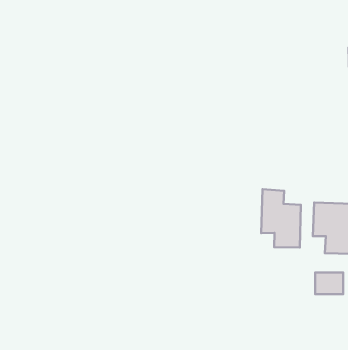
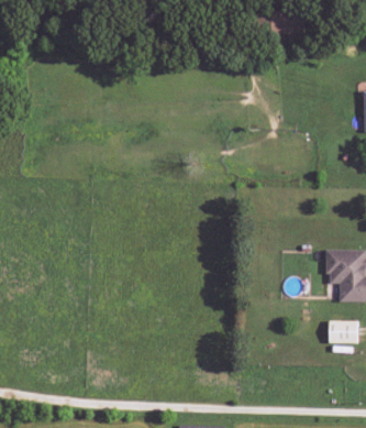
building: [261,189,301,248] -> none

